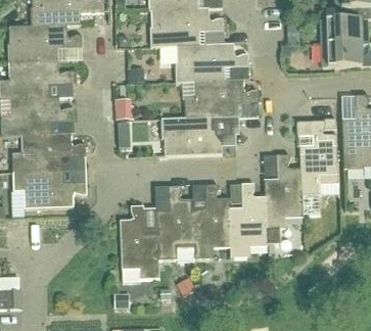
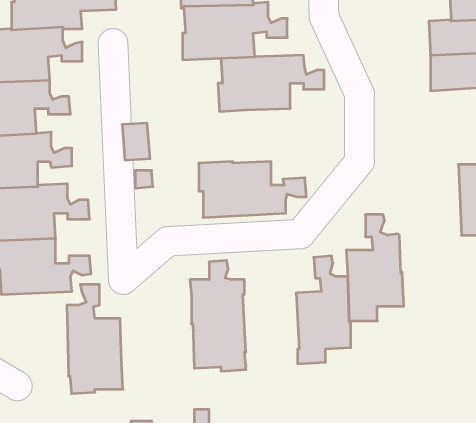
building: [185,79,259,117] -> none
building: [297,117,338,194] -> none
building: [192,184,231,257] -> none
building: [121,205,159,281] -> [67,284,123,394]

